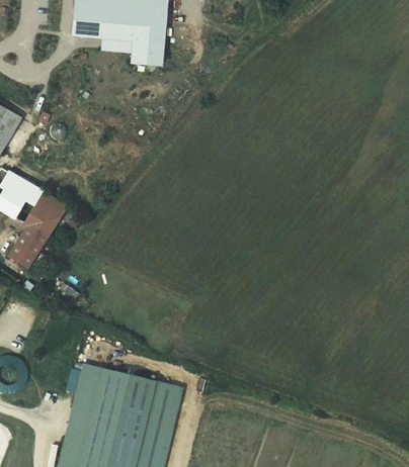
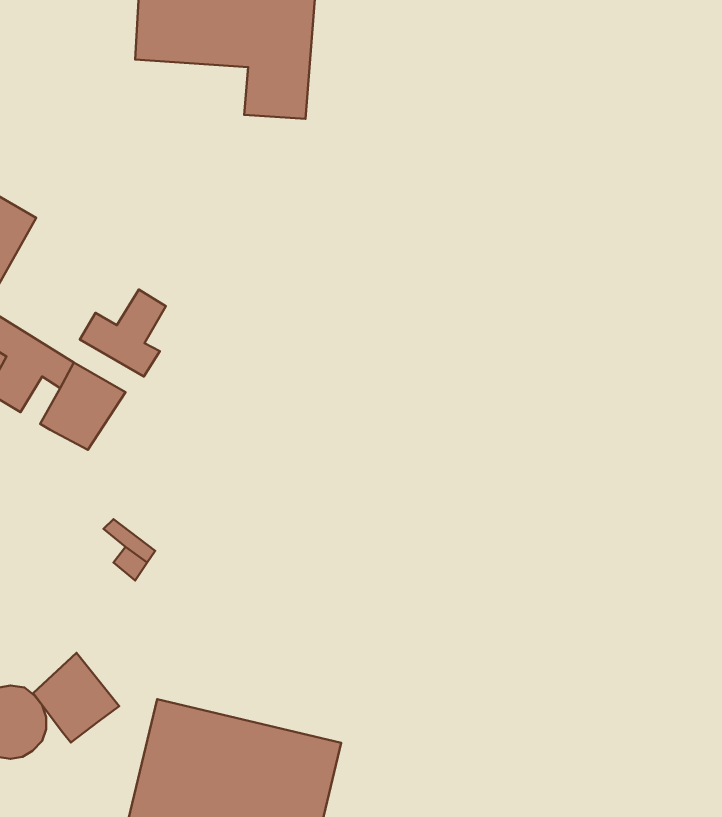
building: none -> [80,290,166,377]
building: [9,225,49,268] -> none
building: none -> [33,653,119,742]

